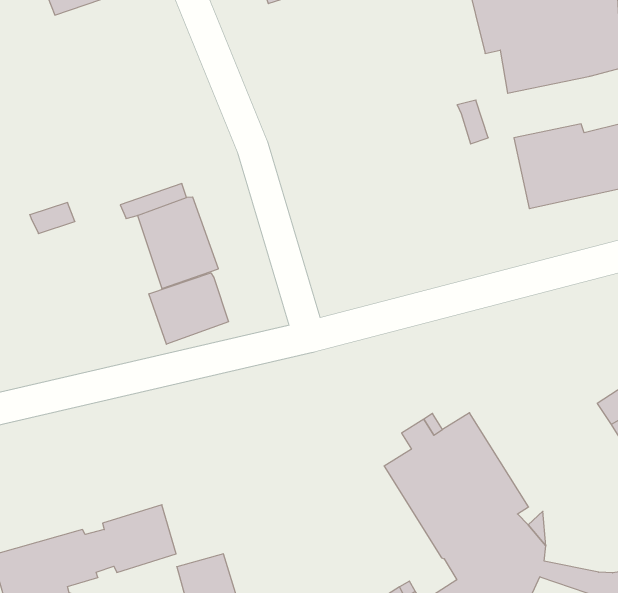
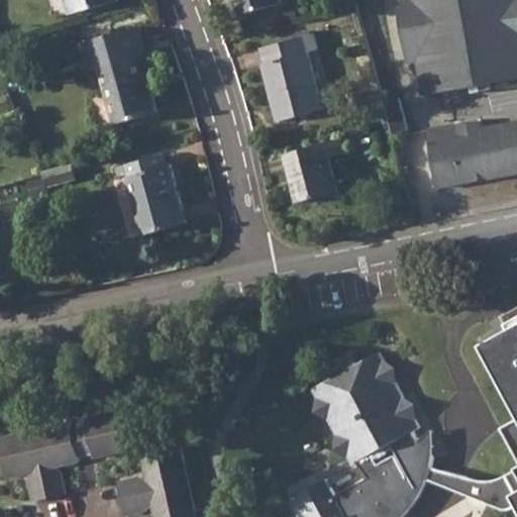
building: none -> [258,35,321,123]
building: none -> [78,27,154,125]
building: none -> [282,139,341,203]
building: [149,273,229,344] -> none

